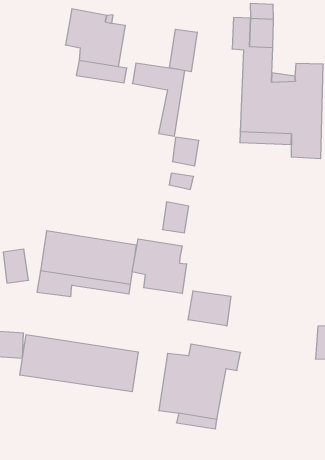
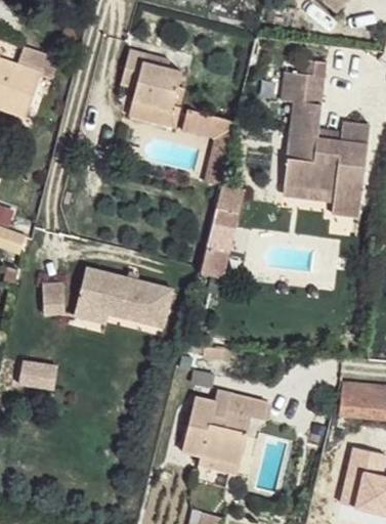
building: [170,29,197,72] -> none
building: [132,239,187,294] -> none
building: [188,291,231,326] -> none
building: [20,335,138,392] -> none

